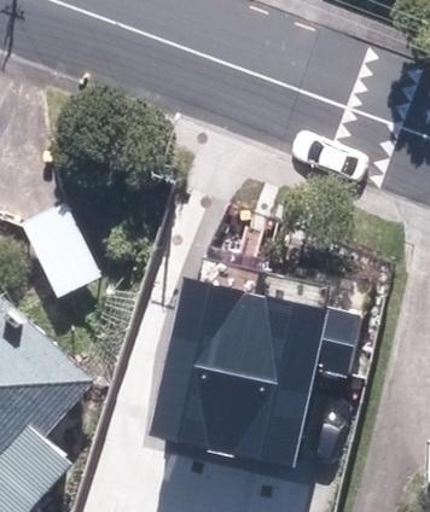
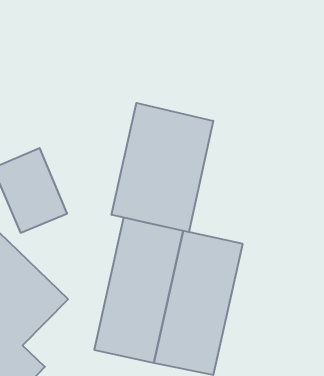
building: none -> [112,103,213,232]

